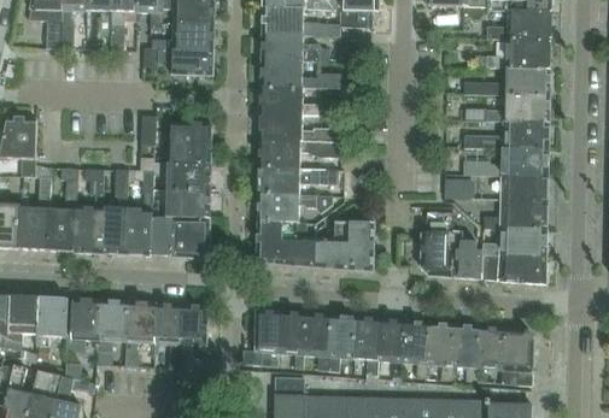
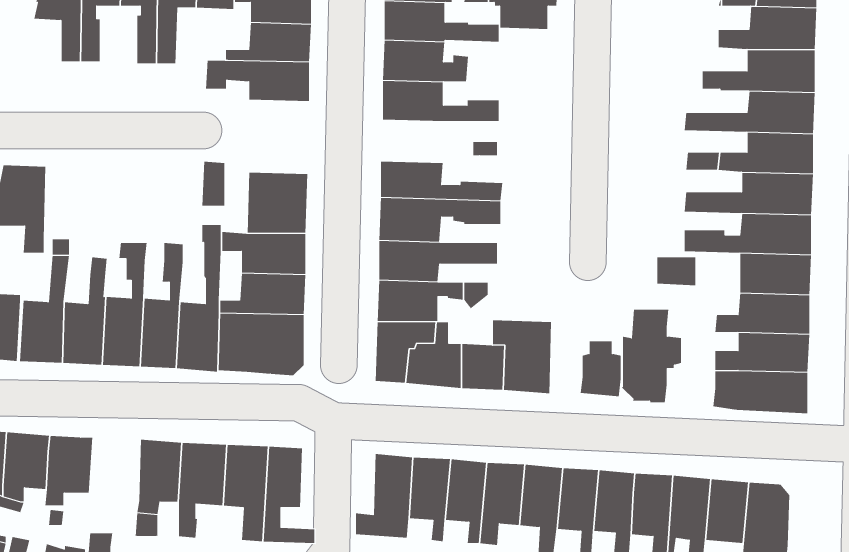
building: [259,87,317,116] -> none
building: [455,241,482,278] -> [580,341,621,397]
building: [64,299,99,349] -> none

